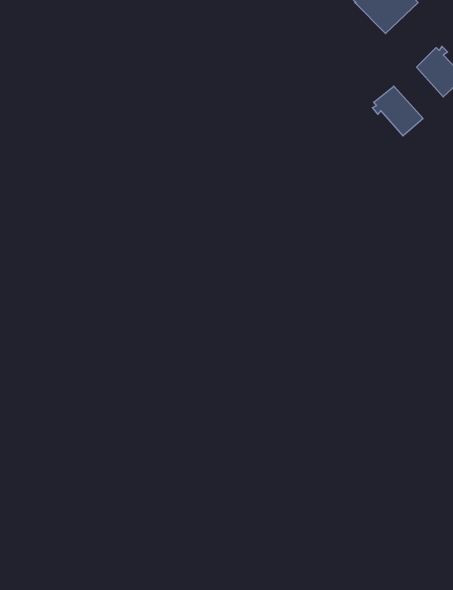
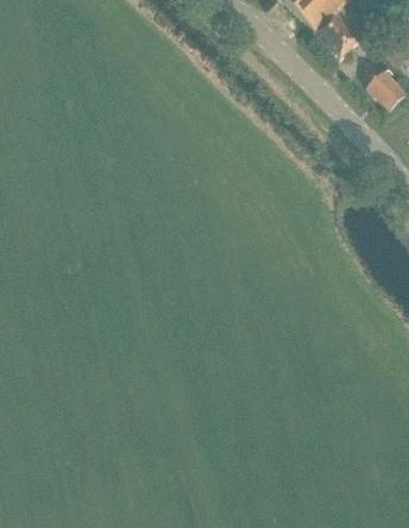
building: [372,86,423,136] -> none

